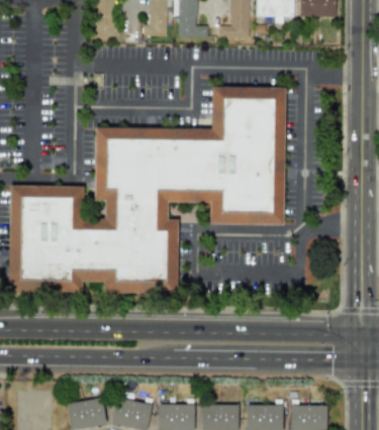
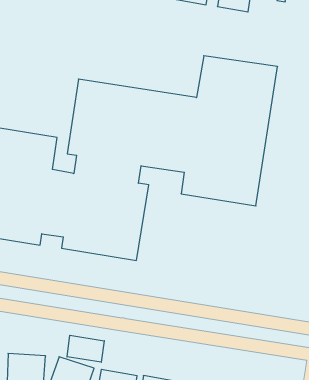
building: none -> [67,335,104,362]

